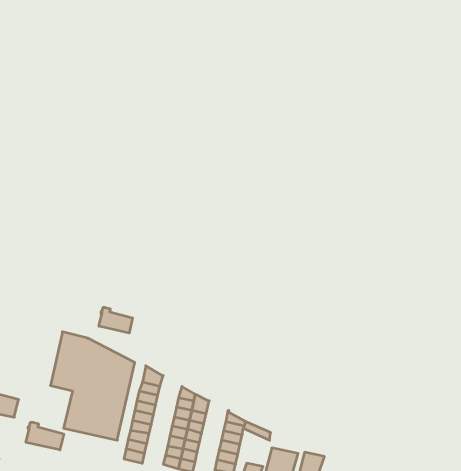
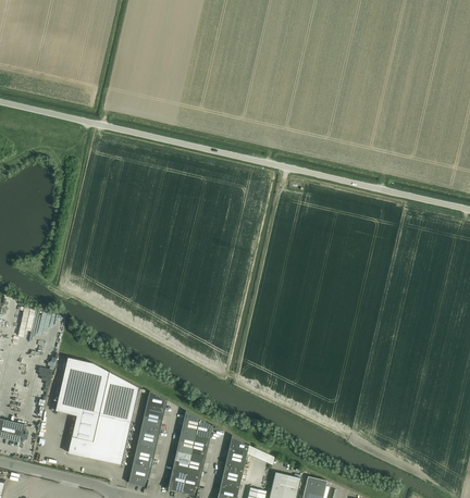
building: [99,307,133,333] -> none
building: [26,422,64,450] -> none

